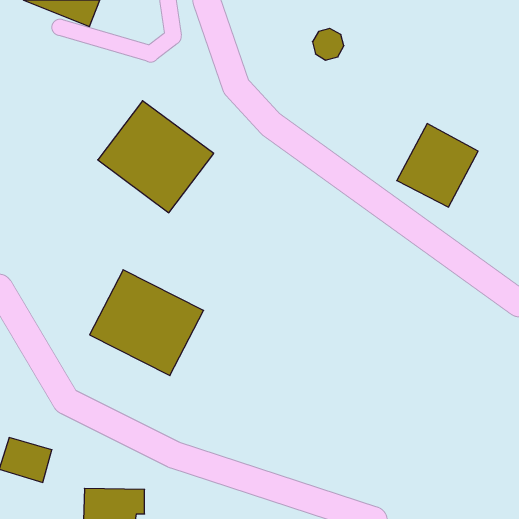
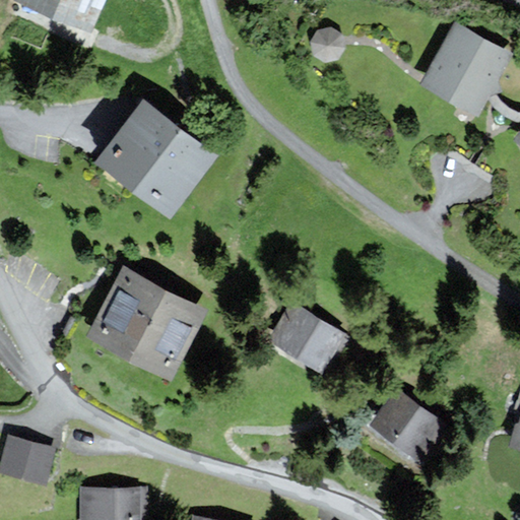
building: [397,124,478,207] -> [425,26,506,110]
building: none -> [271,305,347,371]
building: none -> [373,392,443,459]

